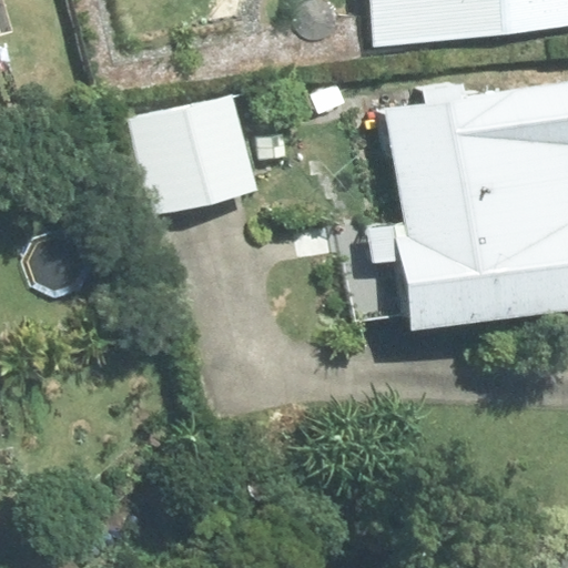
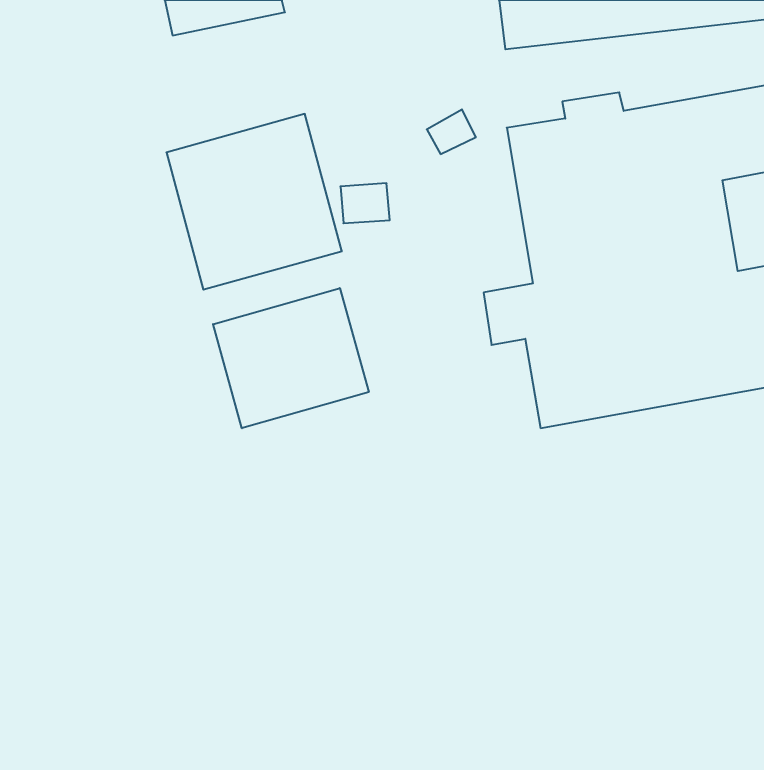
building: none -> [213,288,369,428]

